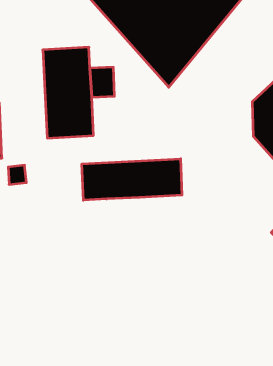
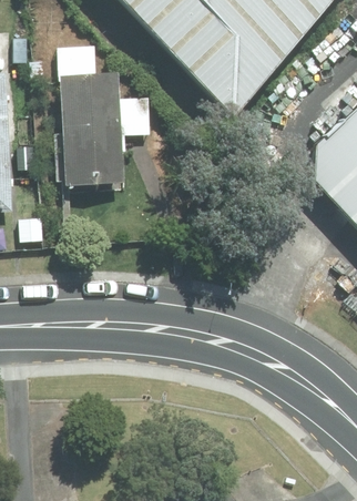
building: [82,159,182,200] -> none

